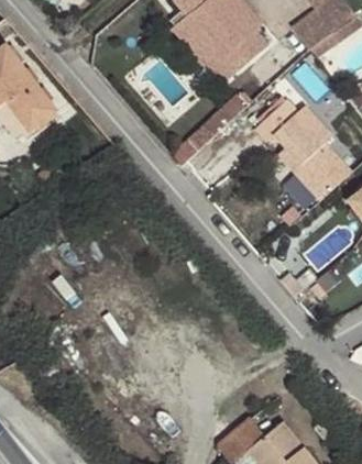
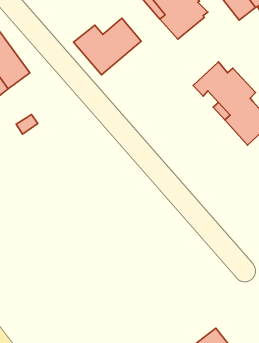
building: none -> [73,18,141,75]

